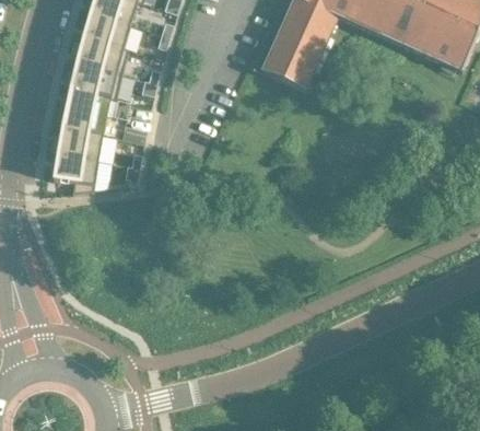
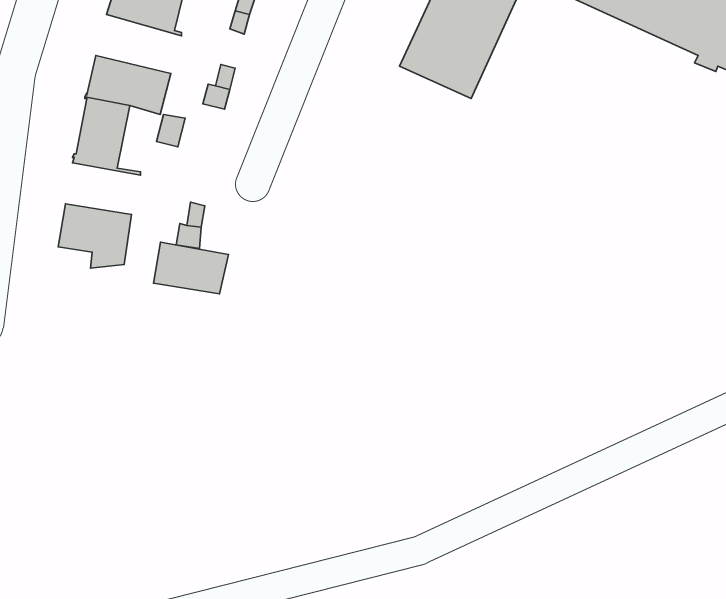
building: [74,36,127,72] -> none
building: [56,127,102,159] -> [153,242,229,294]

